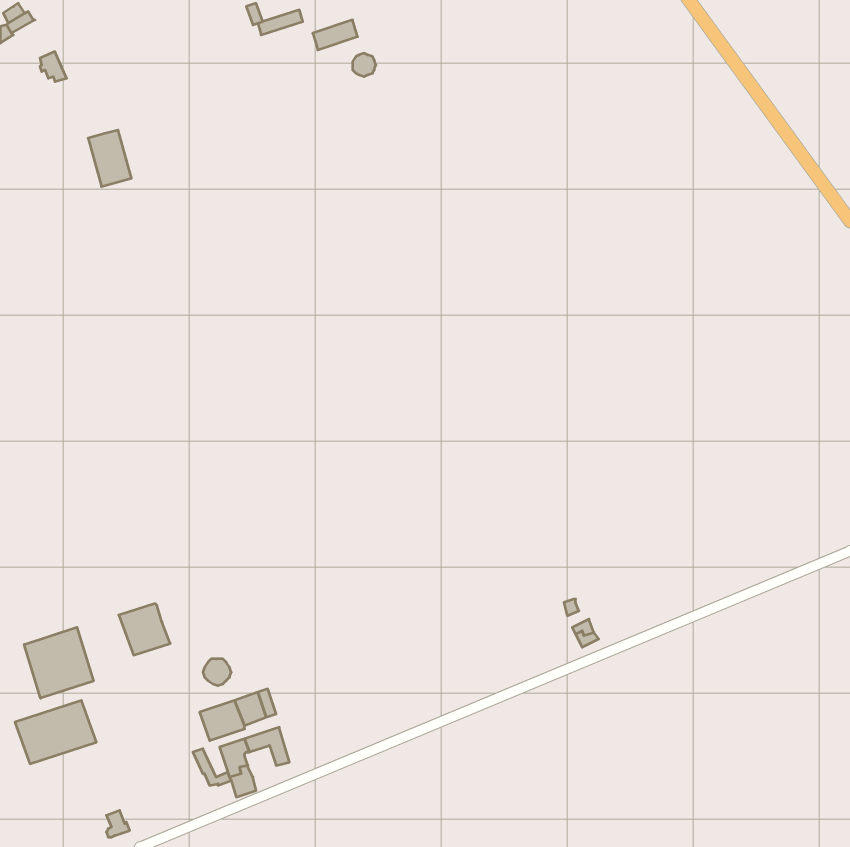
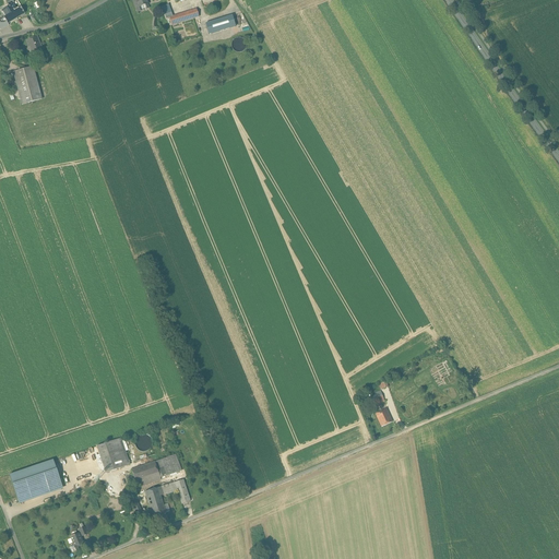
building: [88,130,131,187] -> [13,66,41,103]
building: [119,604,170,655] -> [96,437,130,471]
building: [24,627,93,698] -> none

